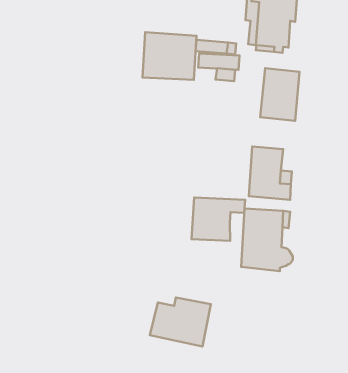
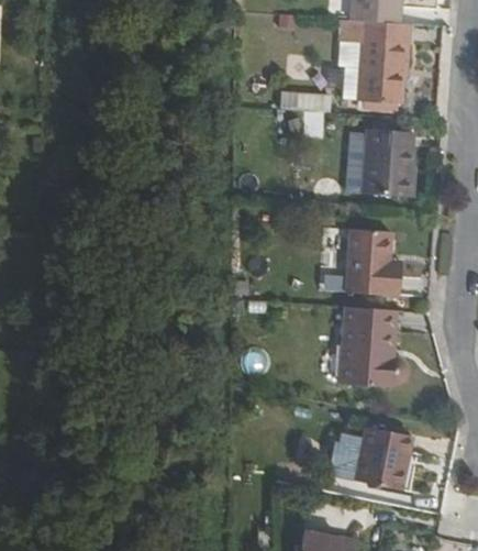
building: [142,32,196,80] -> none
building: [192,197,245,241] -> none
building: [150,297,211,346] -> [332,428,410,491]

